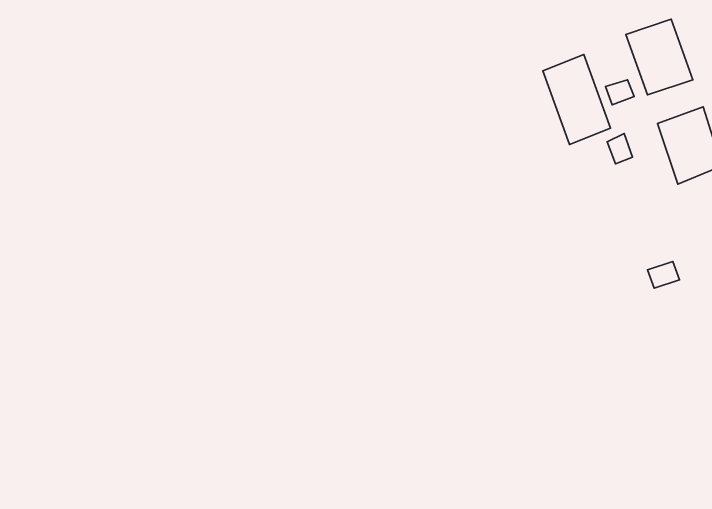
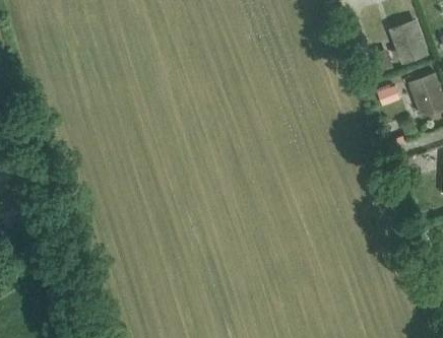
building: [543,55,610,145] -> none

